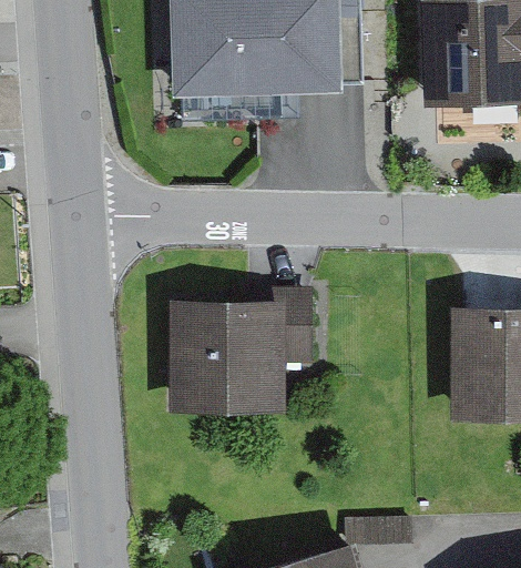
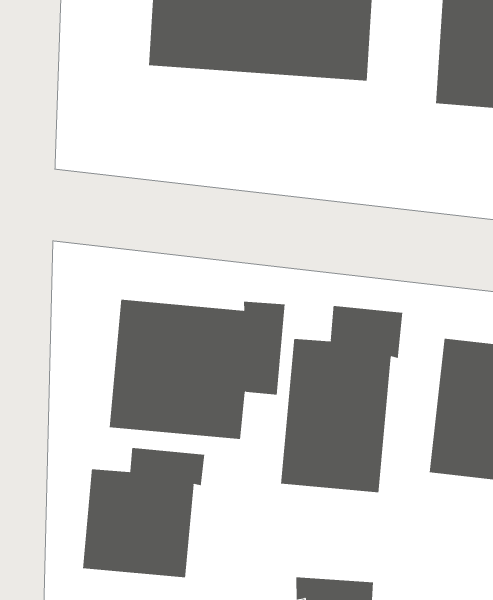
building: none -> [281,305,403,493]
building: none -> [83,447,205,578]

